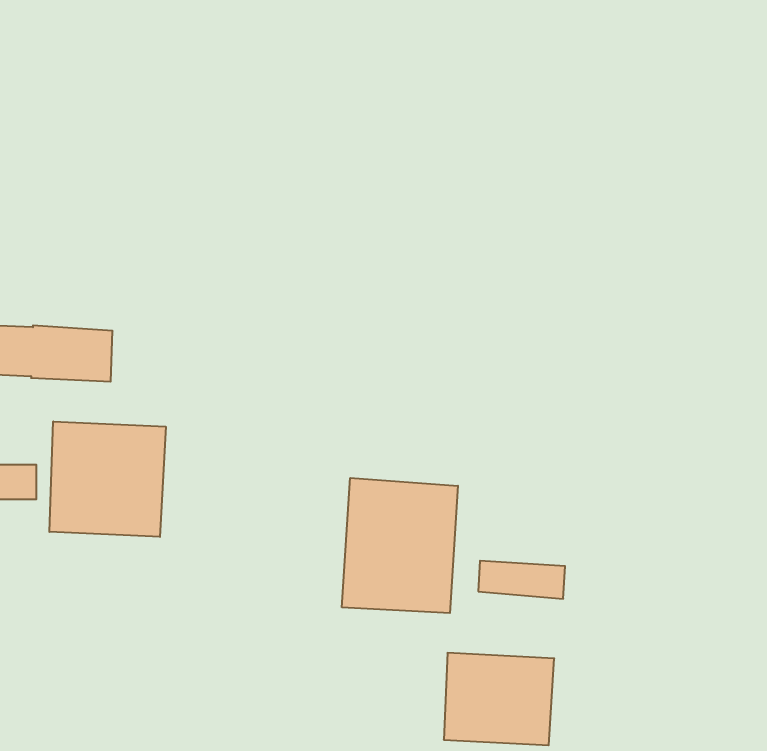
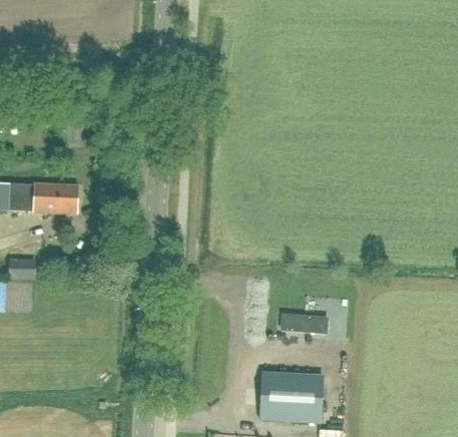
building: [49,421,166,537] -> none
building: [342,478,458,613] -> none

